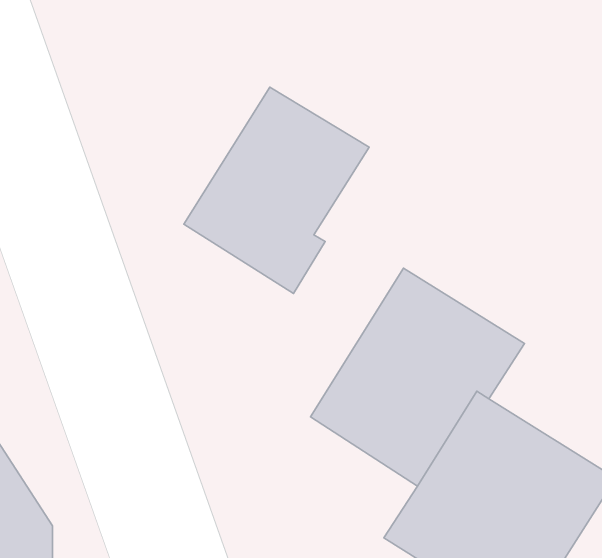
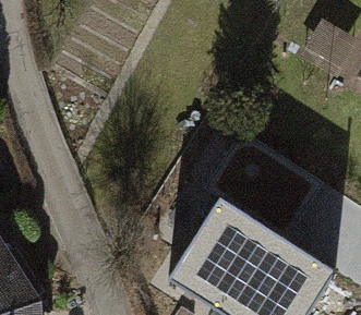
building: [184,87,369,293] -> none

